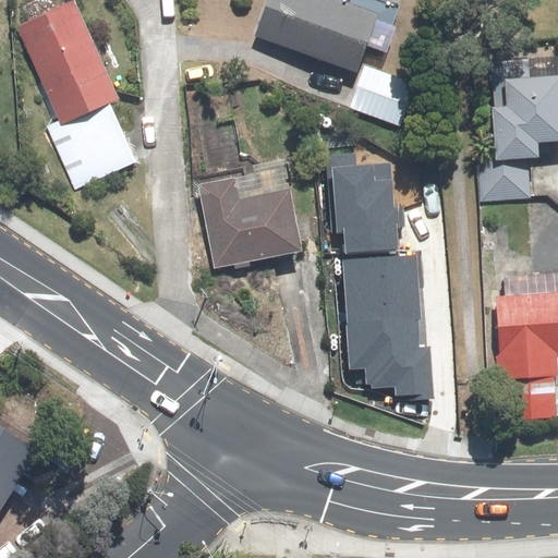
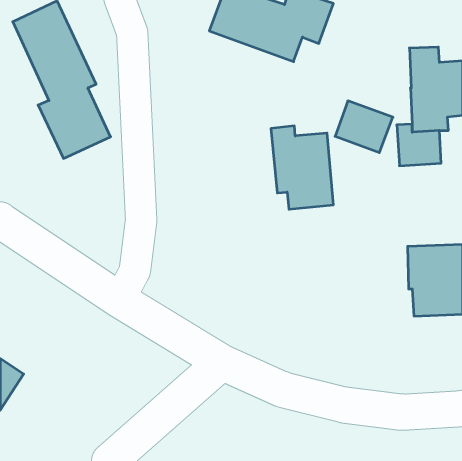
building: [347,62,416,124] -> [335,101,393,153]
building: [194,163,296,269] -> none
building: [343,253,435,399] -> none

